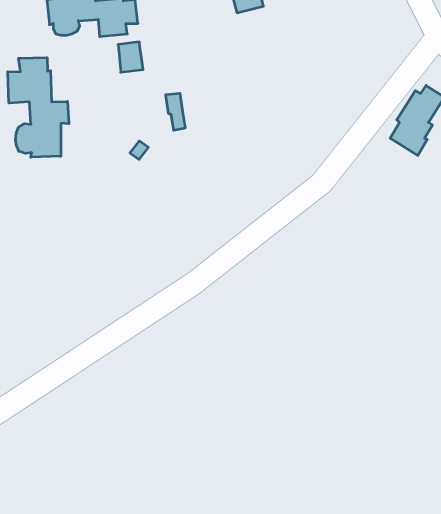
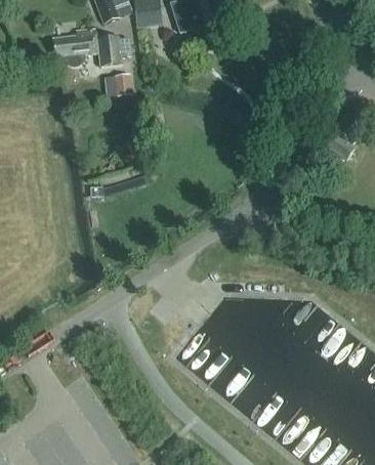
building: [8,58,69,157] -> none

